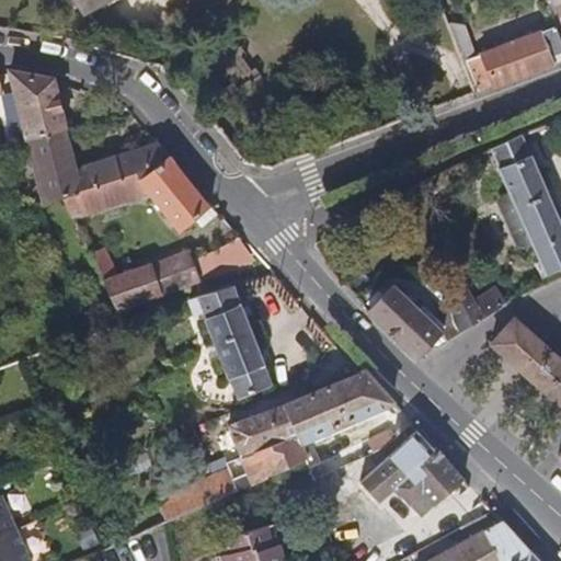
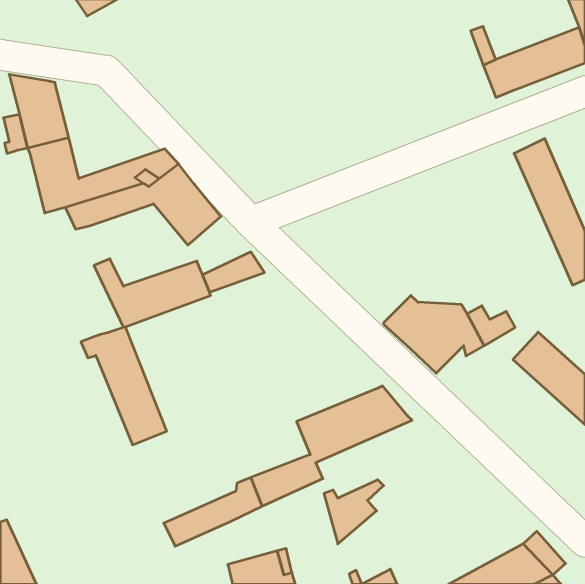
building: [188,286,271,399] -> [81,327,167,445]
building: [228,403,297,457] -> none
building: [359,428,463,530] -> none

